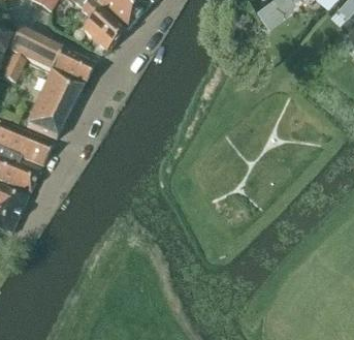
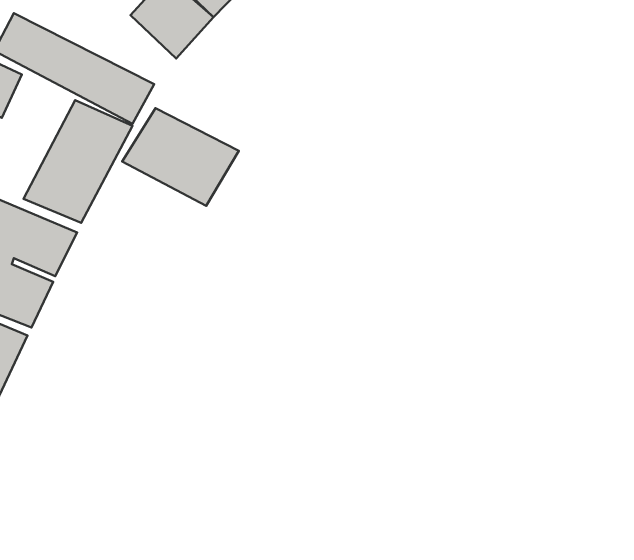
building: none -> [122,108,239,206]

